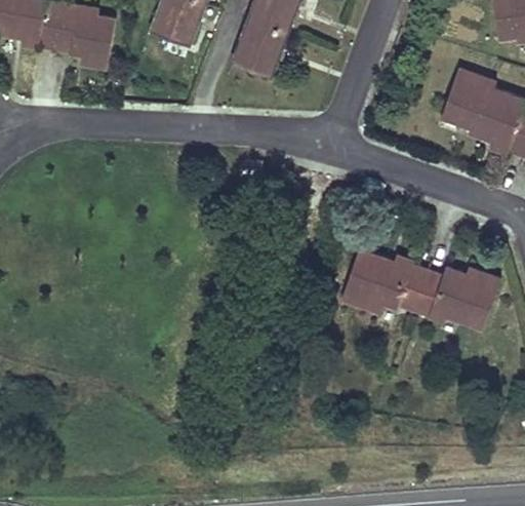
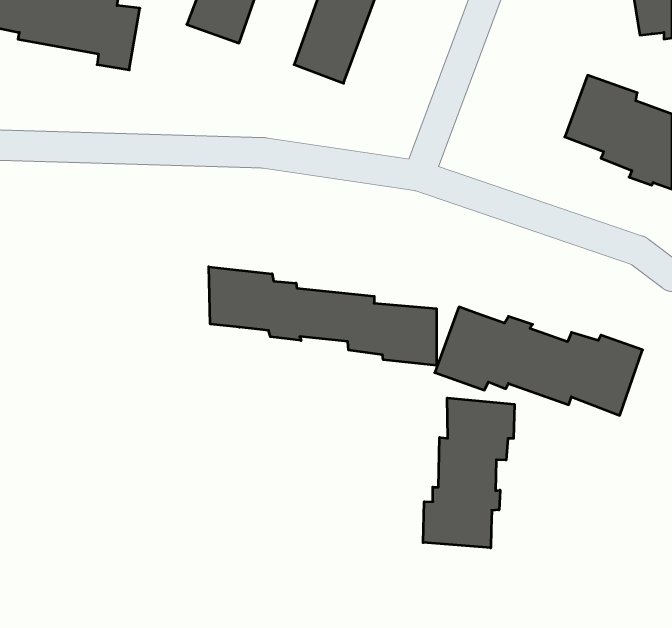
building: none -> [209,267,436,365]
building: none -> [423,398,514,548]

